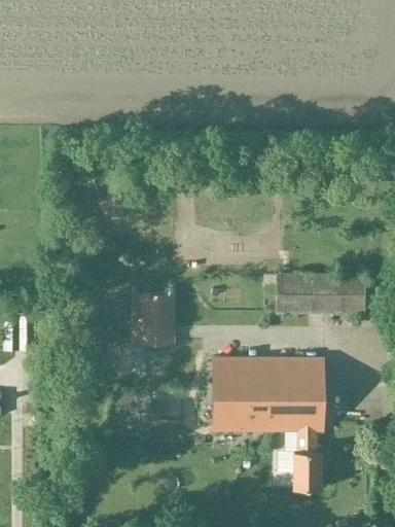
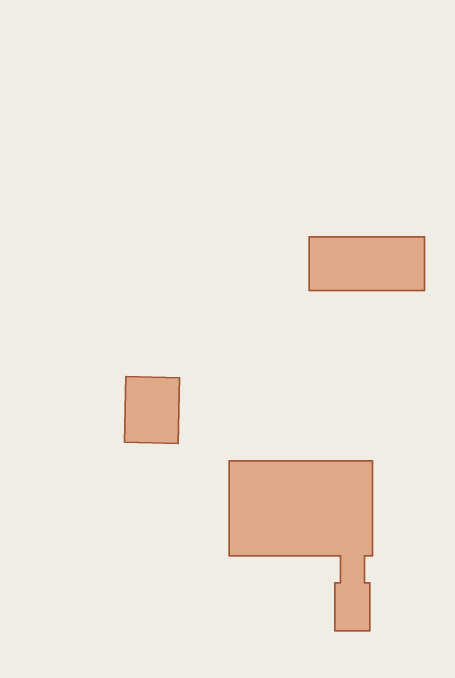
building: [276,272,364,313] -> [309,237,425,291]

